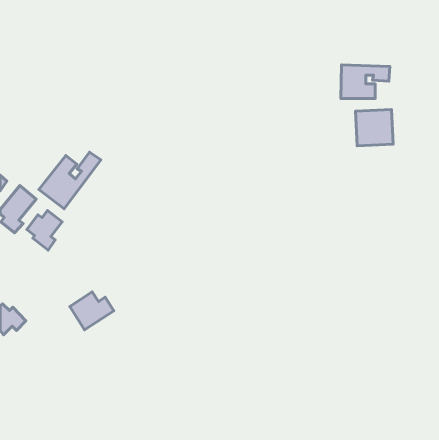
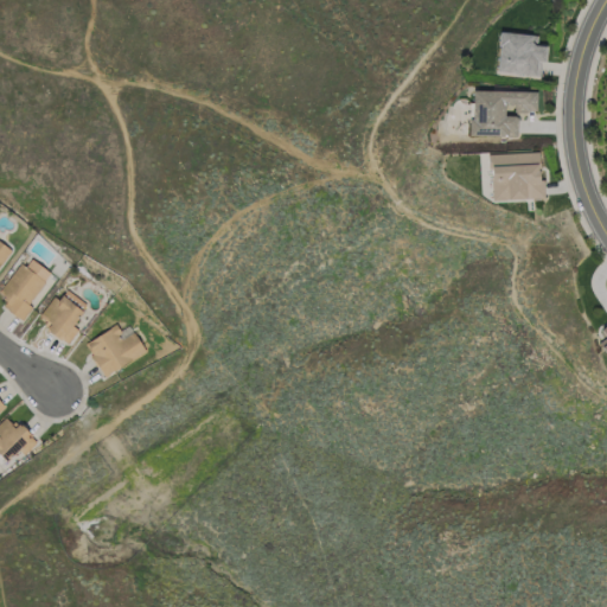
building: none -> [497,32,547,77]
building: [39,152,101,209] -> none
building: [70,292,114,330] -> [85,325,146,377]

